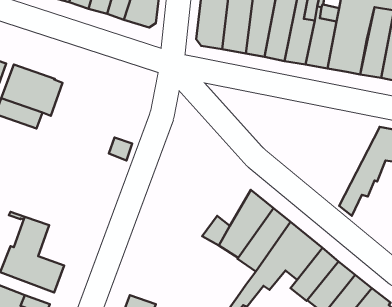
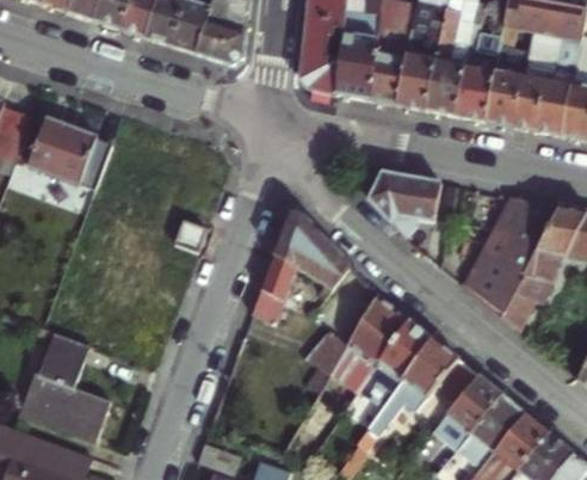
building: none -> [369,171,439,238]
building: none -> [462,196,558,316]
building: none -> [252,213,348,324]

